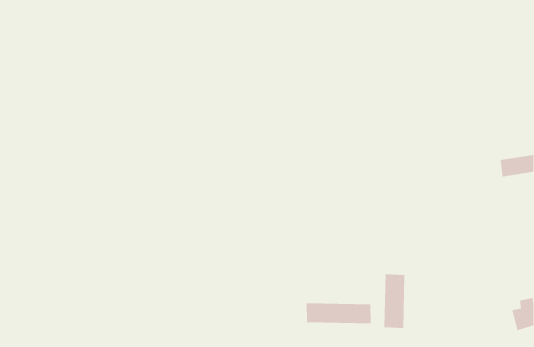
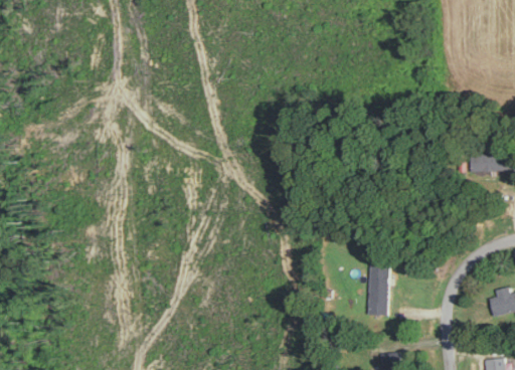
building: [306,303,371,324] -> none

